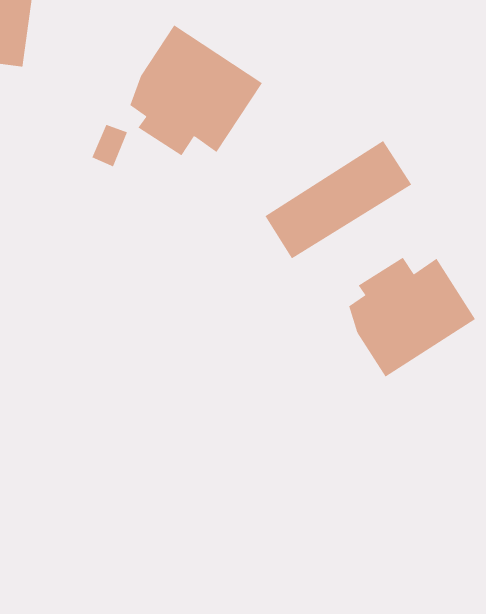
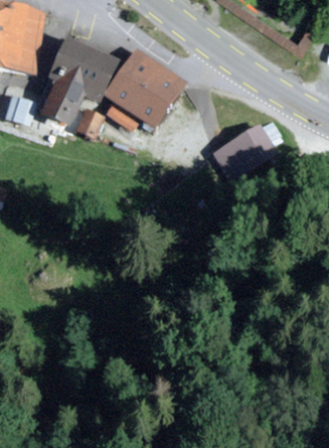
building: none -> [33,38,116,127]
building: [348,257,476,377] -> none

